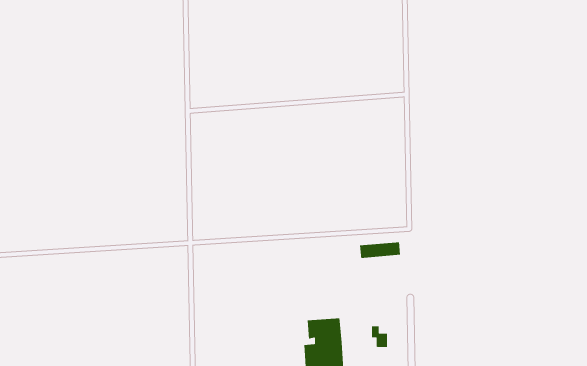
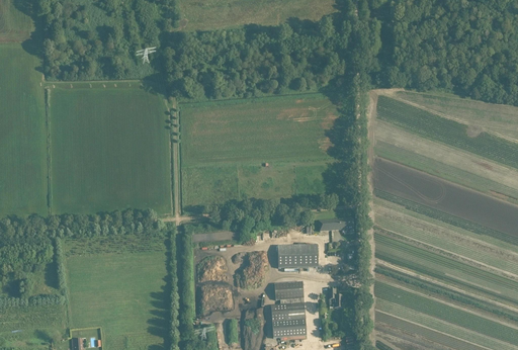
building: none -> [276,244,318,268]

